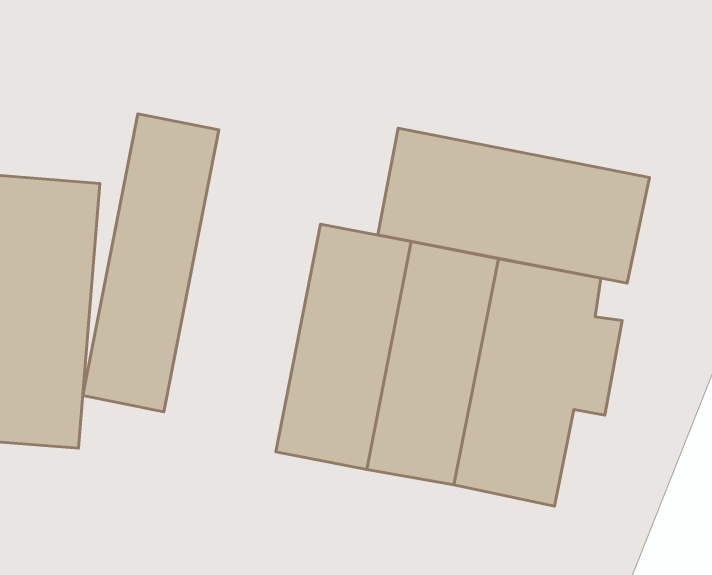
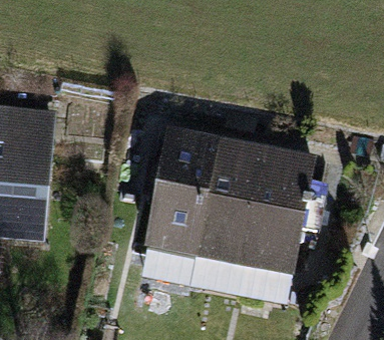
building: [83,114,219,412] -> none
building: [378,128,650,283] -> none

